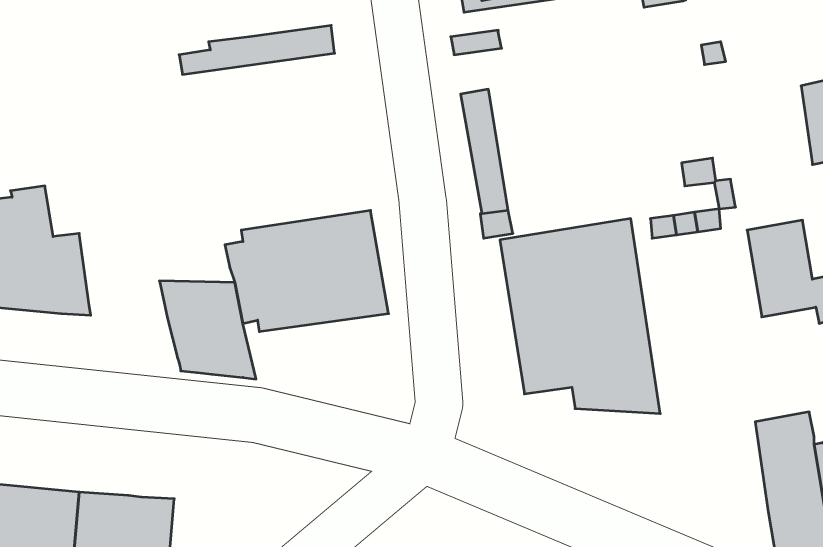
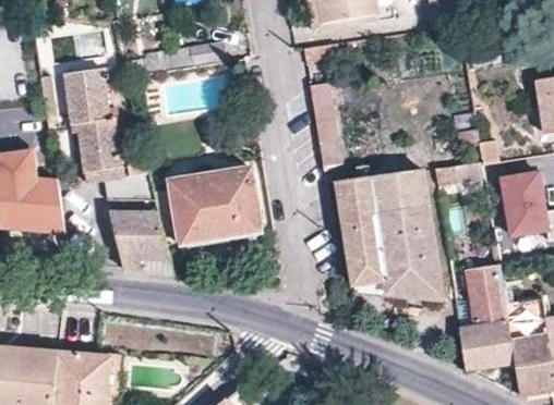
building: none -> [64,68,156,201]
building: none -> [459,265,515,370]

